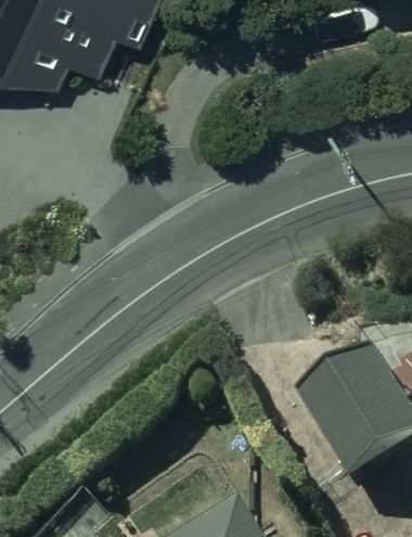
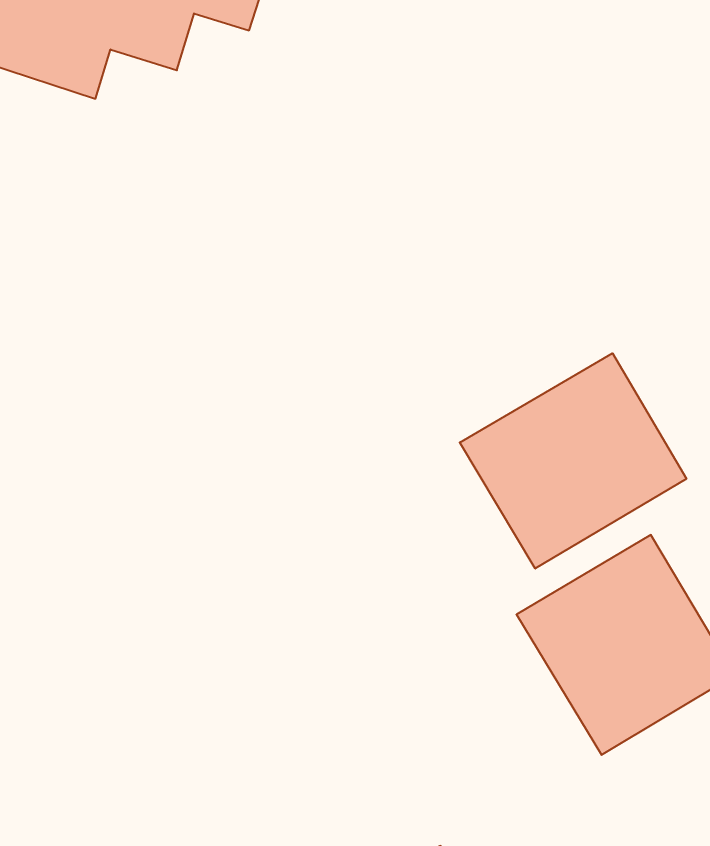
building: none -> [460,353,686,569]

